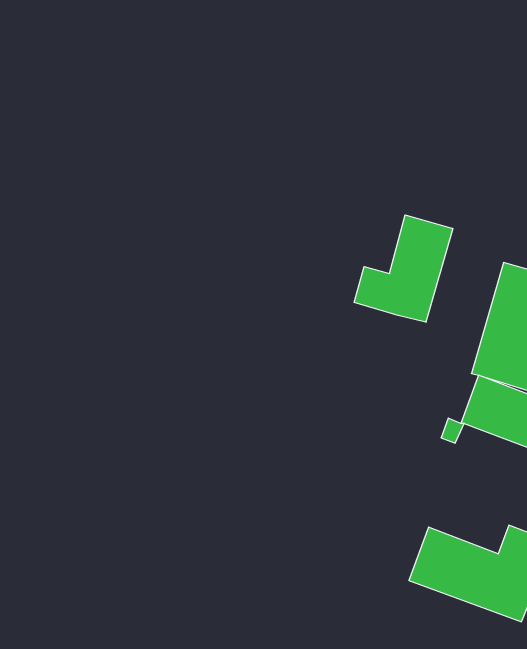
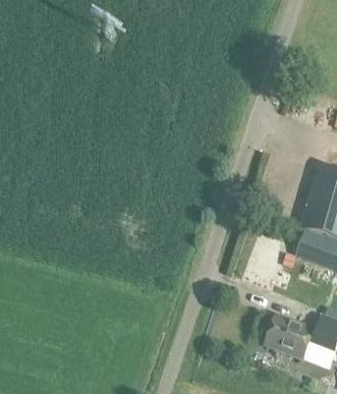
building: [354,215,453,322] -> none

